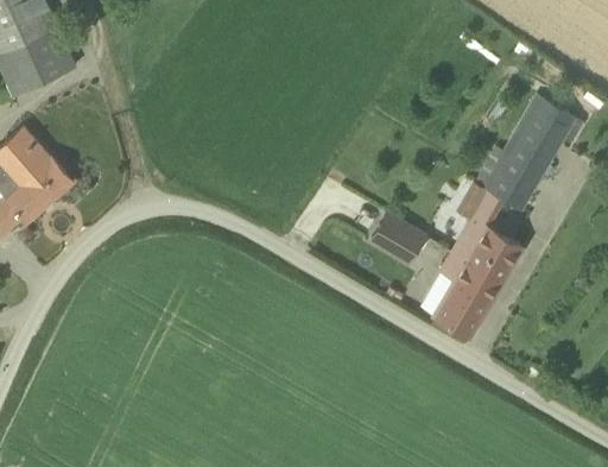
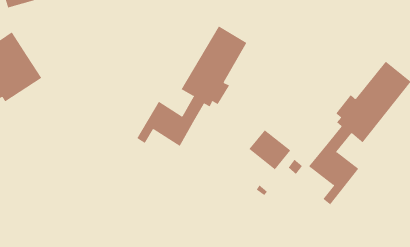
building: none -> [136,25,247,147]
building: [432,253,489,337] -> none

